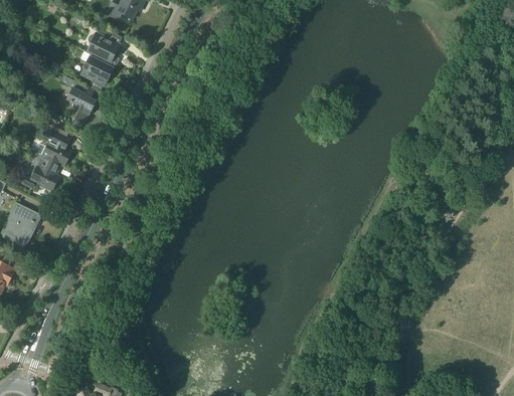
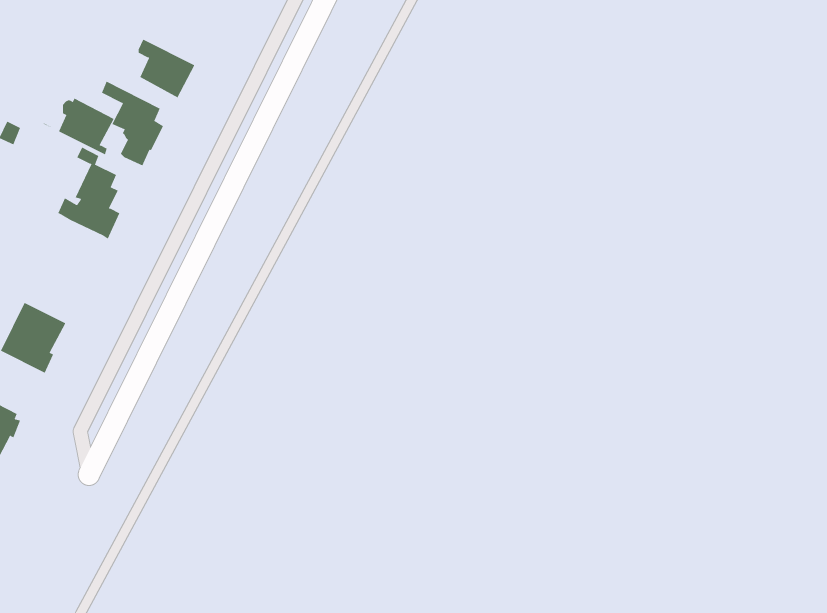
building: [77,33,119,66] -> [43,98,114,155]
building: [20,153,60,192] -> none

